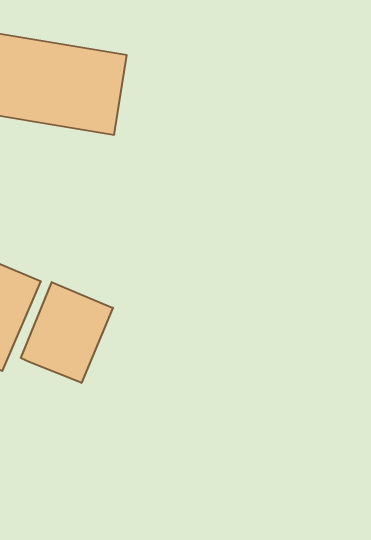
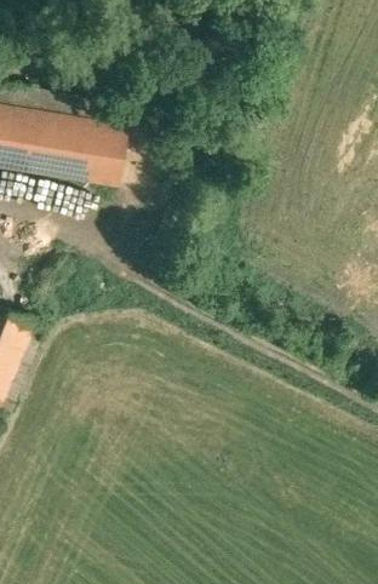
building: [21,282,113,383] -> none

